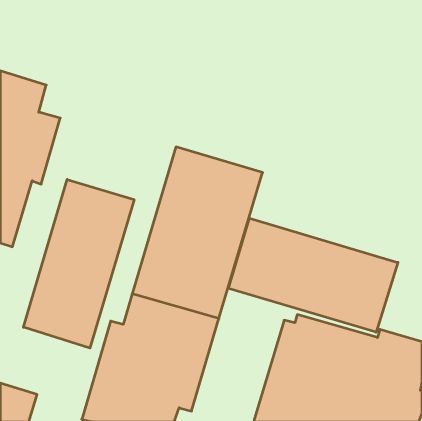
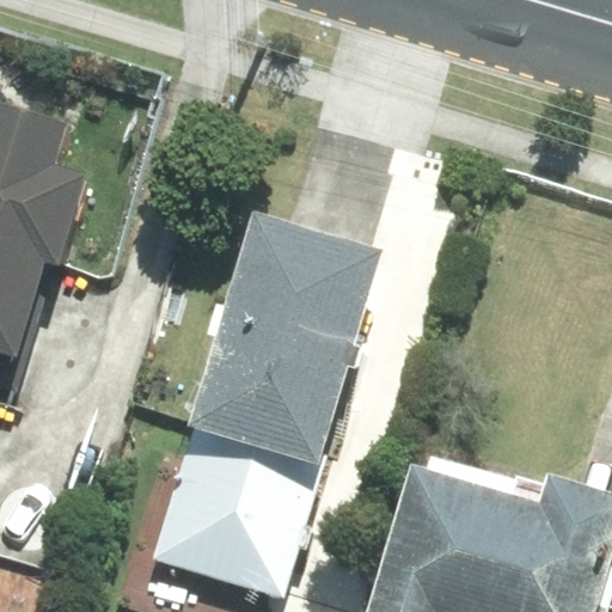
building: [23,179,134,348] -> none
building: [228,218,398,332] -> none

